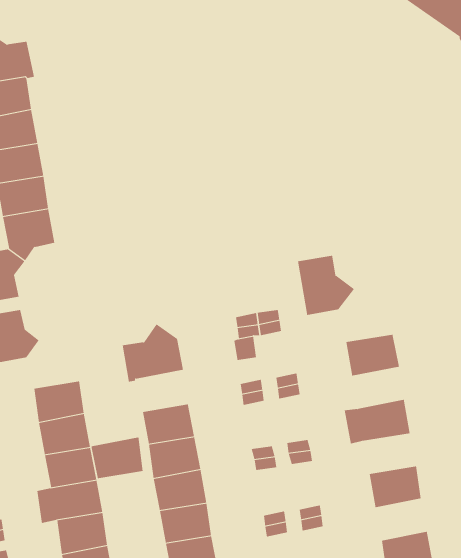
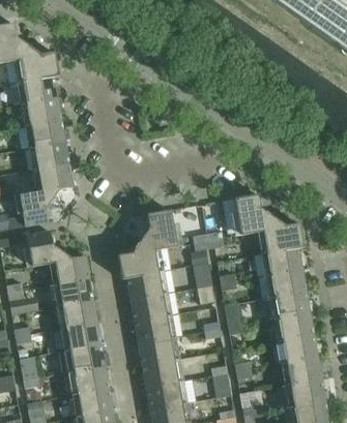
building: none -> [140,210,176,250]
building: none -> [262,217,303,252]
building: none -> [54,251,89,283]
building: none -> [270,269,306,297]
building: none -> [278,313,314,340]
building: [91,437,144,479] -> [126,271,162,299]
building: none -> [286,357,321,385]

